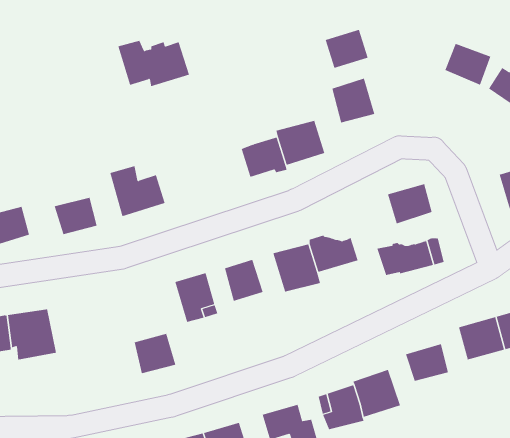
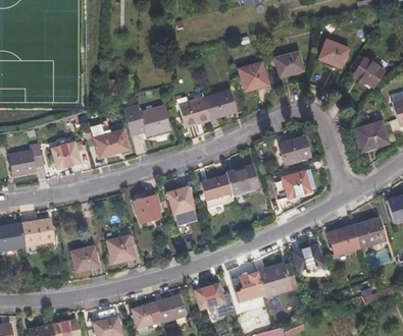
building: [325,29,369,68] -> [274,52,304,78]
building: [117,40,190,87] -> [122,105,171,136]
building: none -> [72,246,99,271]

